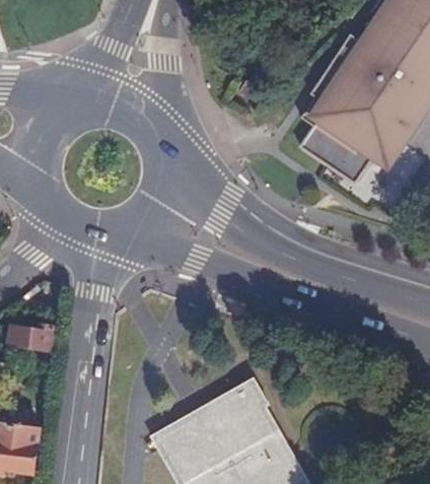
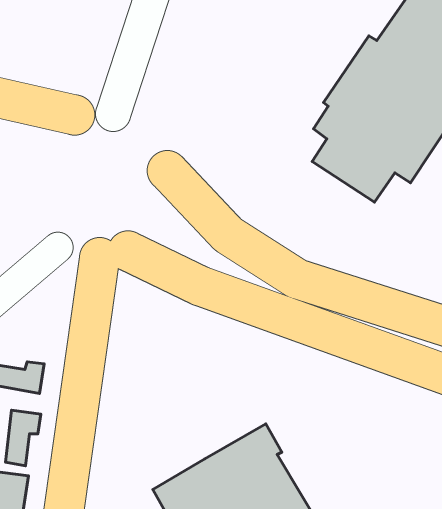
building: none -> [6,410,41,466]

